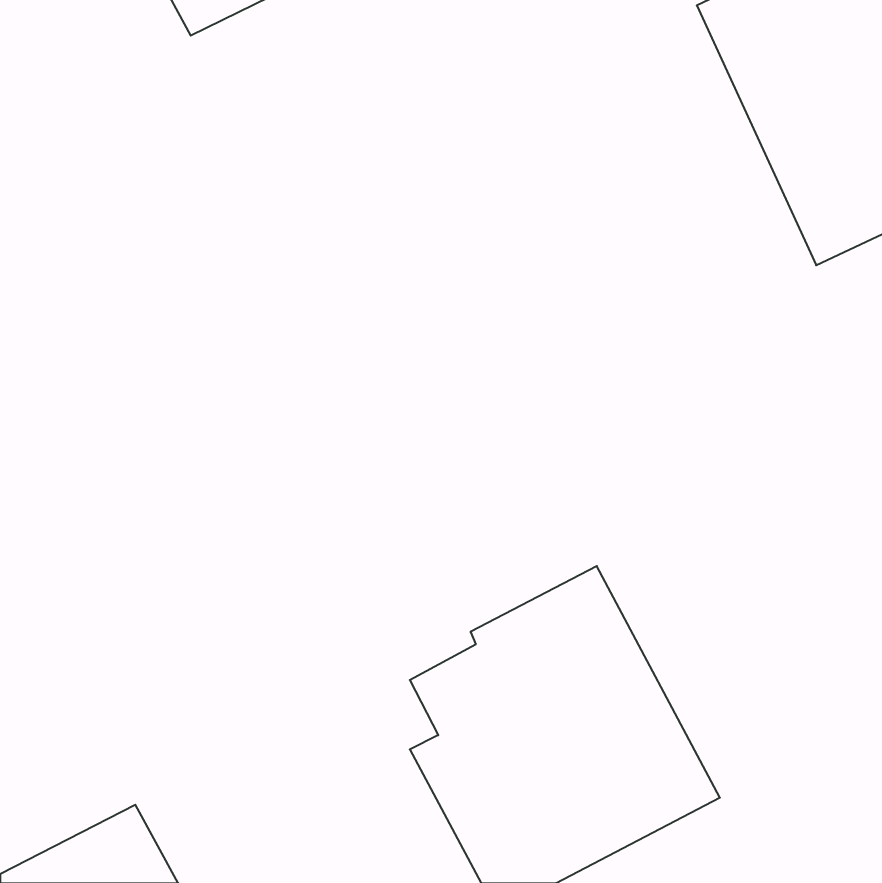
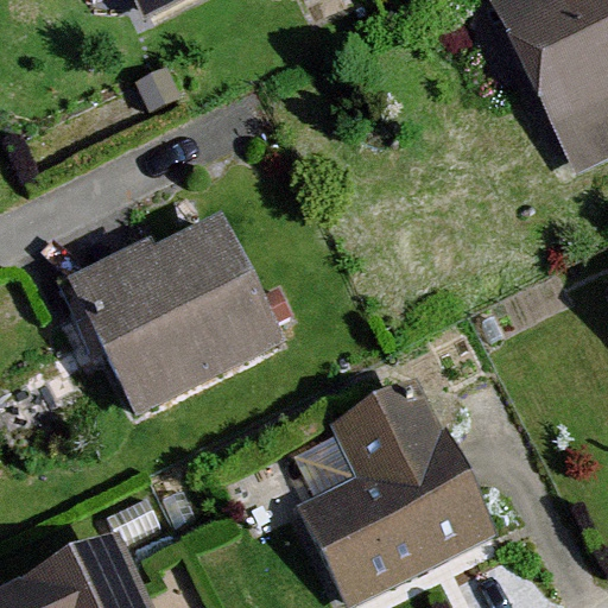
building: none -> [64,208,284,416]

